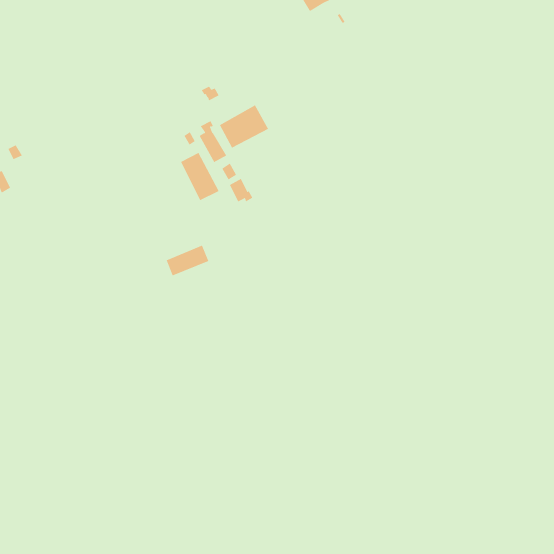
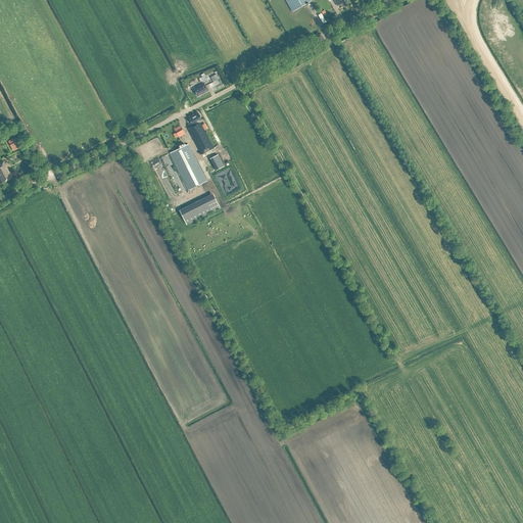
building: [219,105,269,149] -> none
building: [166,245,209,276] -> [180,192,221,222]

